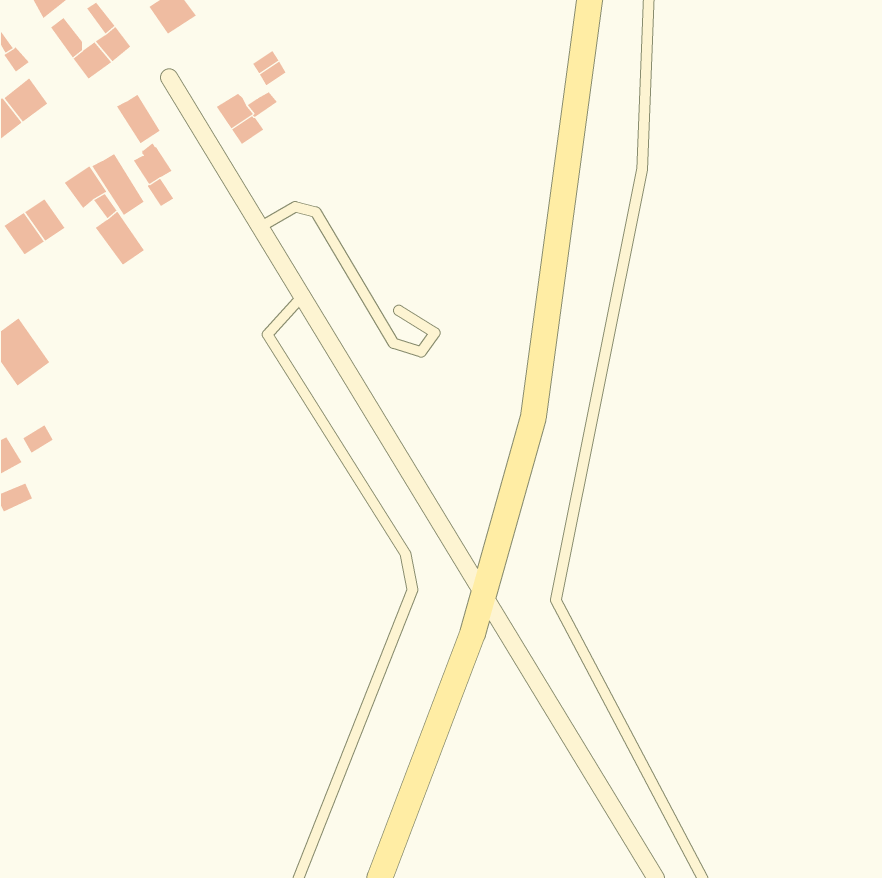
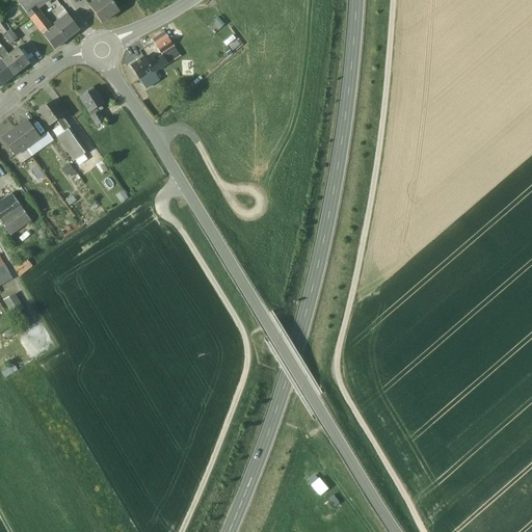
building: [116,94,161,144] -> none
building: [91,153,145,216] -> none

